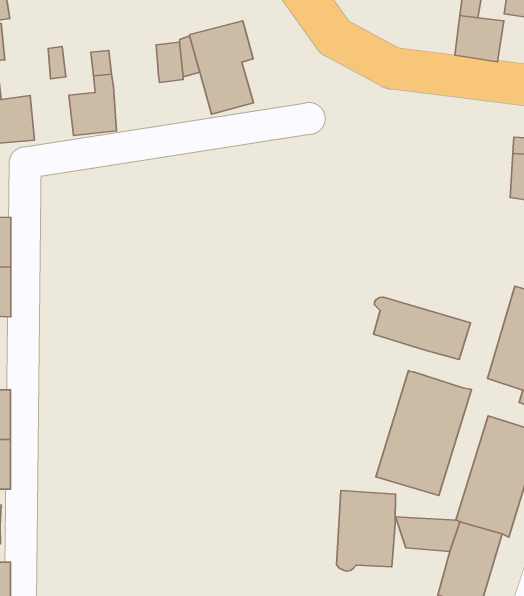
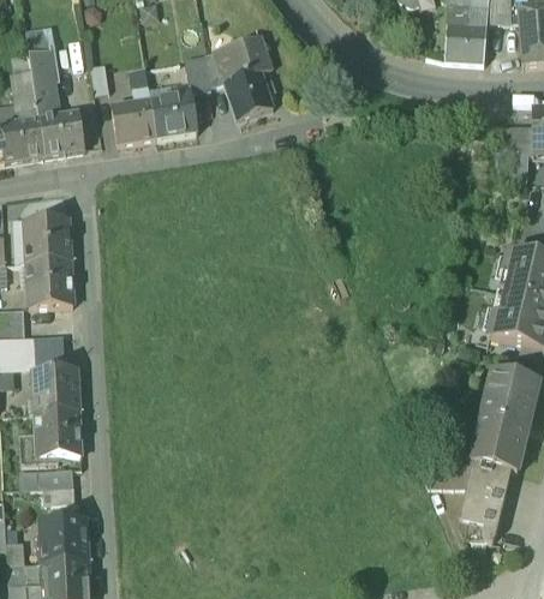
building: none -> [150,86,196,137]
building: [374,297,471,360] -> none
building: [376,371,472,496] -> none
building: [337,490,396,571] -> none

